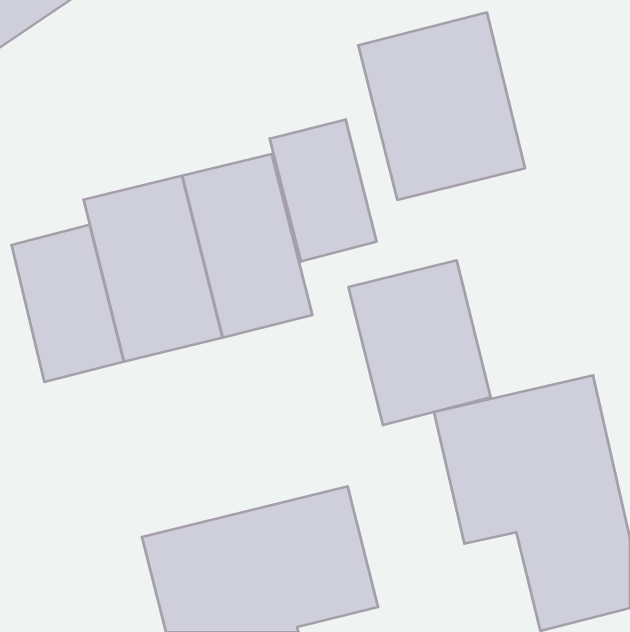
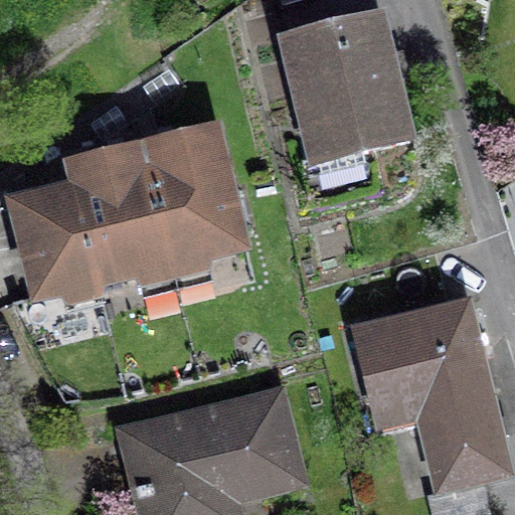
building: [270,119,376,262] -> none
building: [349,260,490,425] -> none

